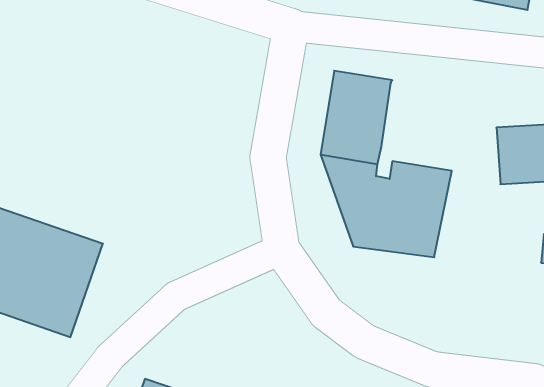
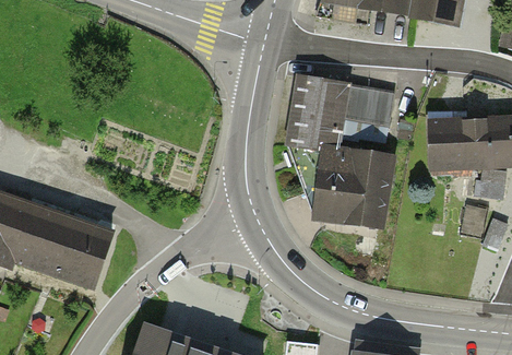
building: none -> [338,85,396,139]

